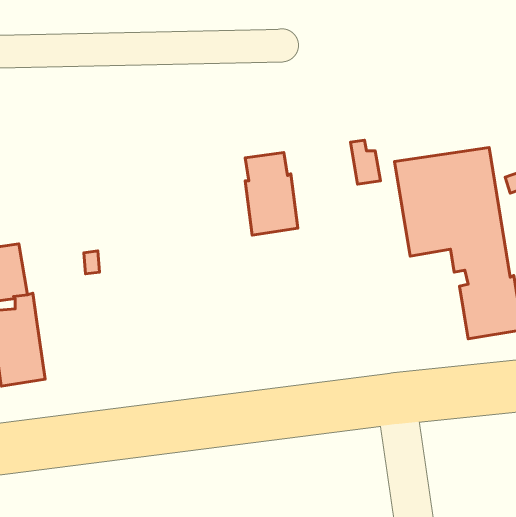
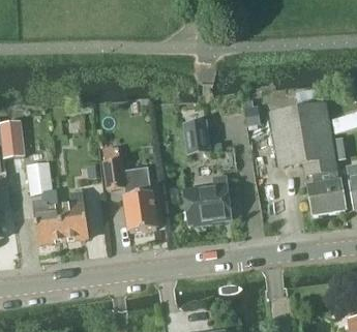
building: none -> [103,158,155,231]
building: none -> [183,175,230,223]
building: none -> [58,189,89,239]

